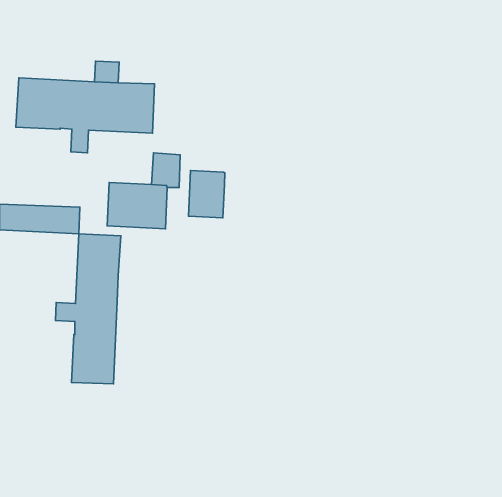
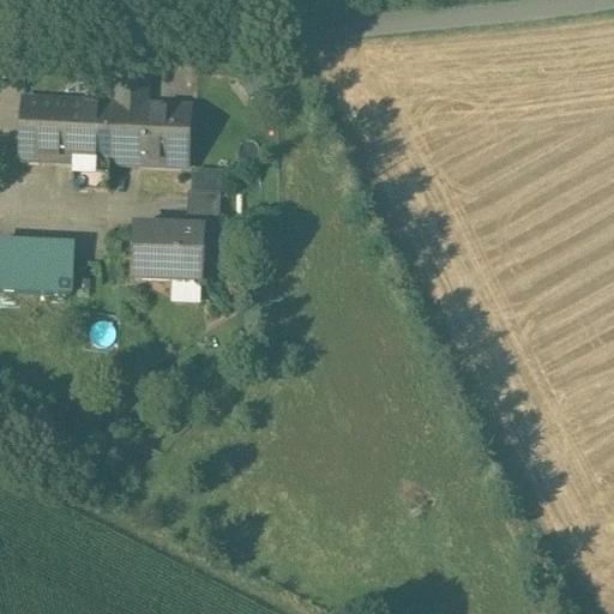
building: [189,171,225,218] -> none
building: [56,234,121,384] -> none

